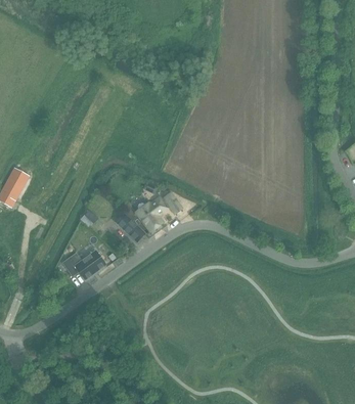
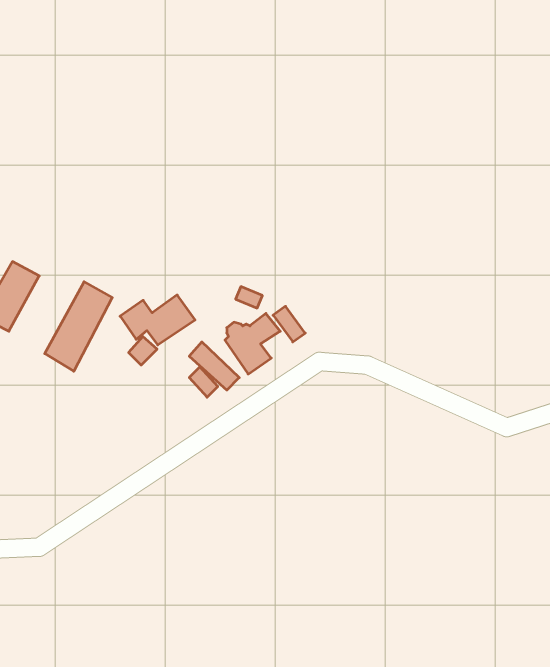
building: none -> [45,282,112,371]
building: [63,250,106,278] -> [120,295,195,345]

